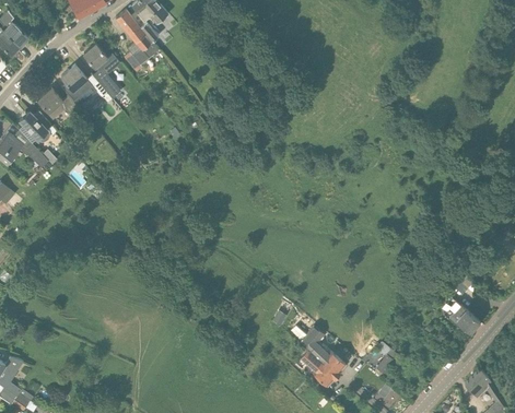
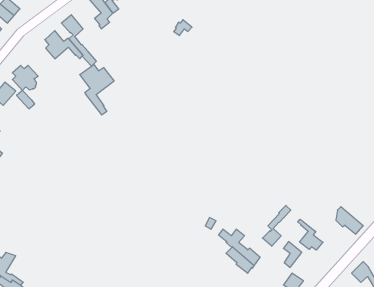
building: [37,88,80,117] -> none
building: none -> [80,65,114,115]
building: none -> [262,205,291,246]
building: none -> [298,219,323,250]

